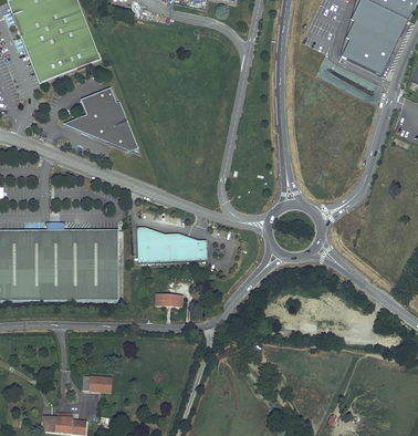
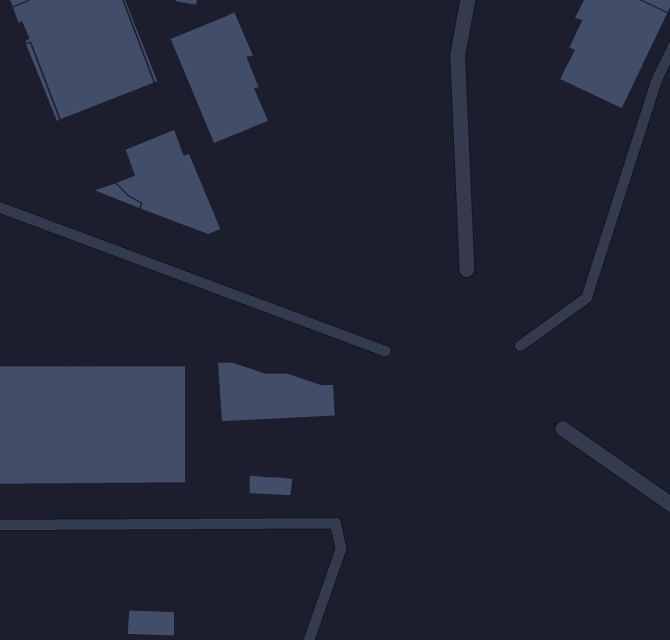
building: none -> [170,12,269,144]

